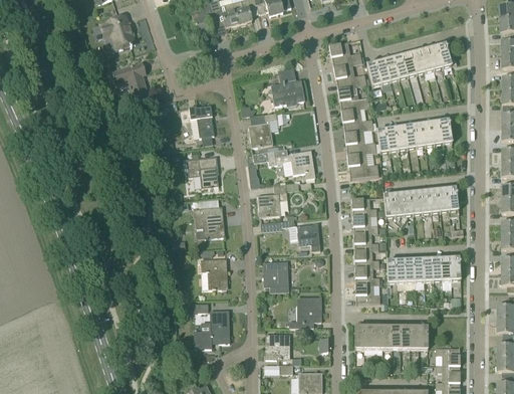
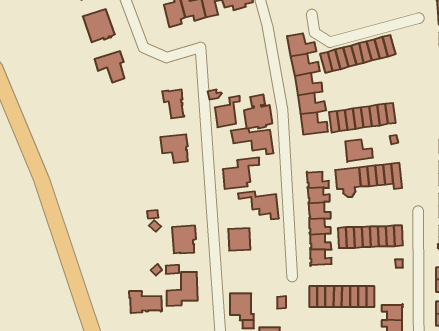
building: [271,67,303,106] -> [244,94,272,128]
building: [347,153,378,178] -> [345,140,373,162]
building: [194,205,225,238] -> none
building: [289,297,321,327] -> none
building: none -> [129,291,162,313]

